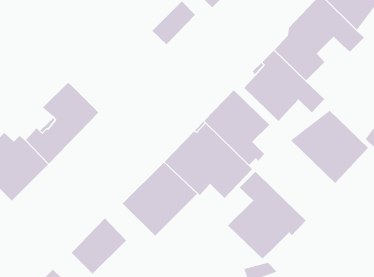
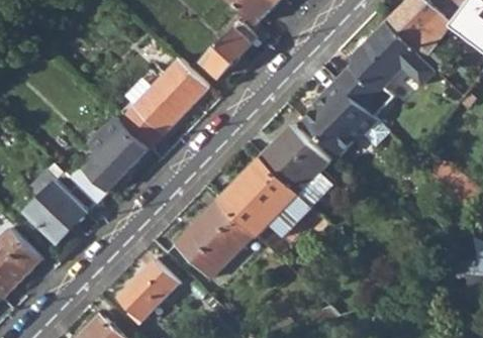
building: none -> [119,58,209,147]
building: [290,110,369,184] -> none
building: [227,171,307,259] -> none

